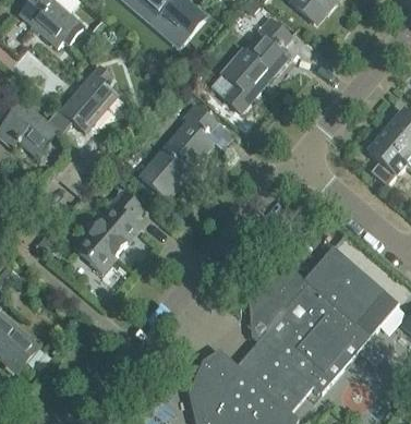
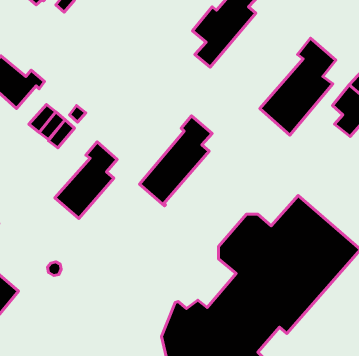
building: [52,64,118,132] -> none
building: none -> [260,38,336,135]
building: [142,105,218,199] -> [140,116,212,206]

